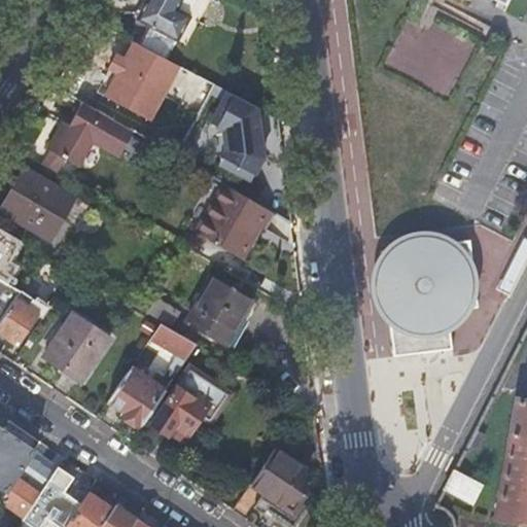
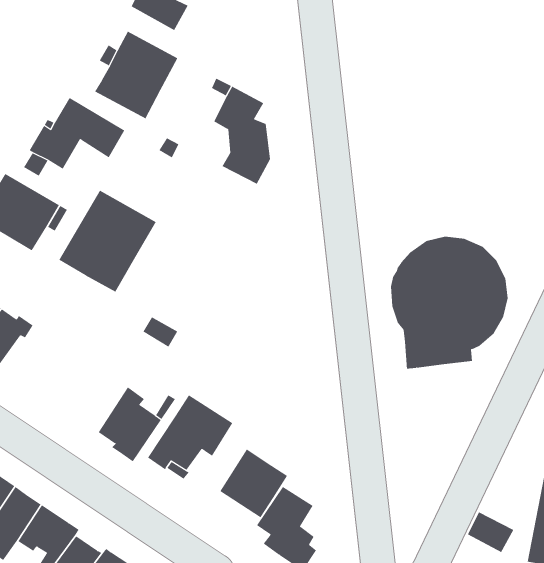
building: none -> [59,190,157,292]
building: [199,186,270,260] -> none
building: [185,277,252,345] -> none
building: [45,315,111,383] -> none
building: [150,323,198,361] -> none
building: none -> [219,449,288,518]

